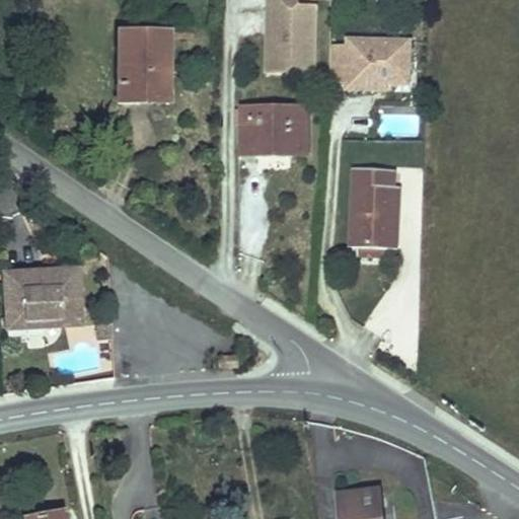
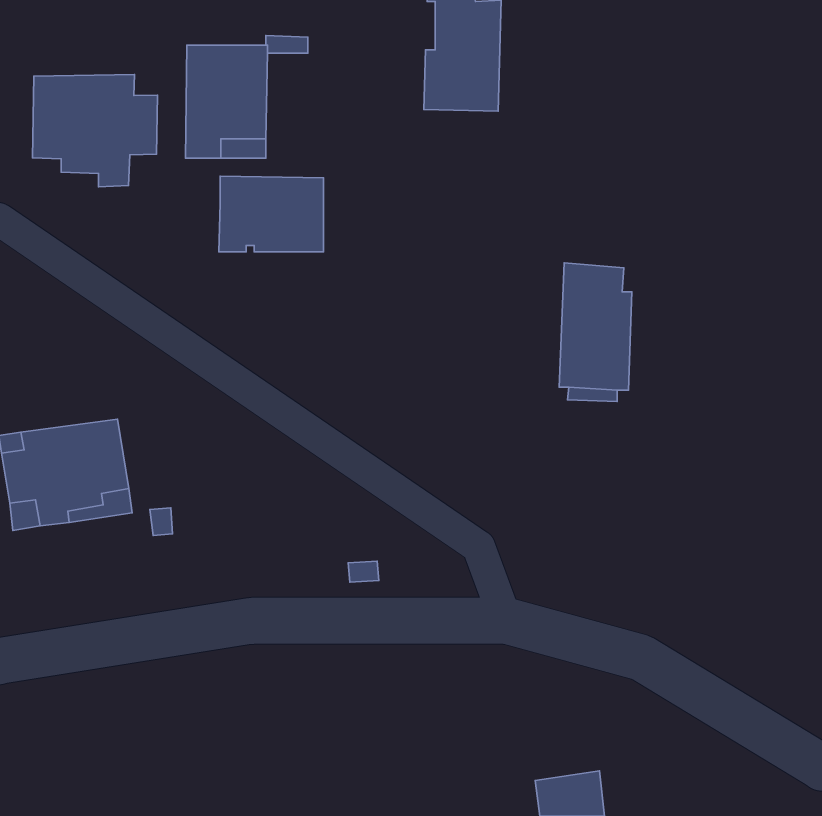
building: [331,40,411,86] -> none
building: none -> [32,74,157,187]
building: [241,103,307,151] -> [219,176,323,252]

